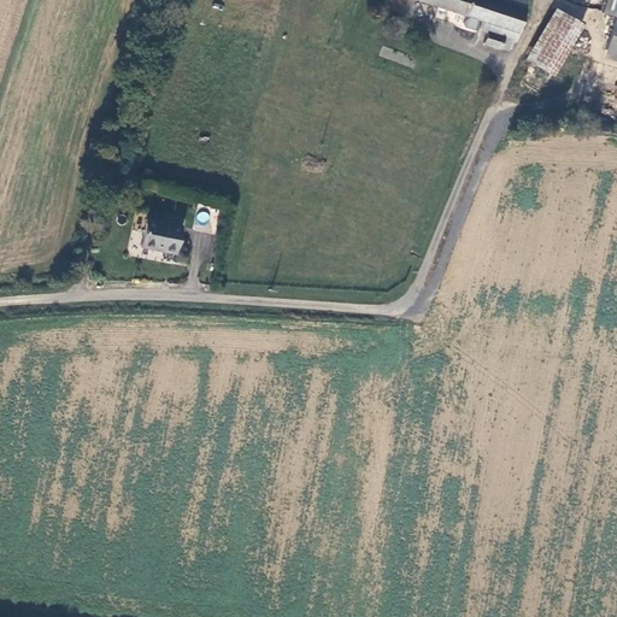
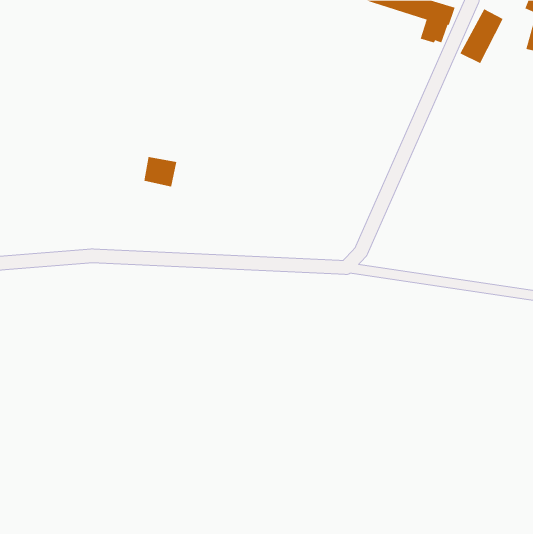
building: [145,221,183,255] -> [143,157,177,187]

